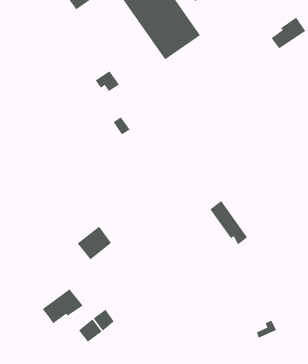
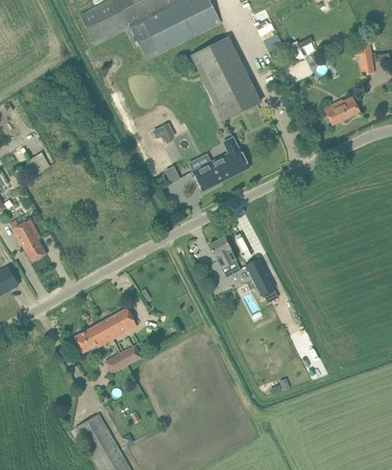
building: none -> [192,137,249,190]
building: none -> [208,237,240,277]
building: [77,226,112,260] -> [103,307,136,338]

